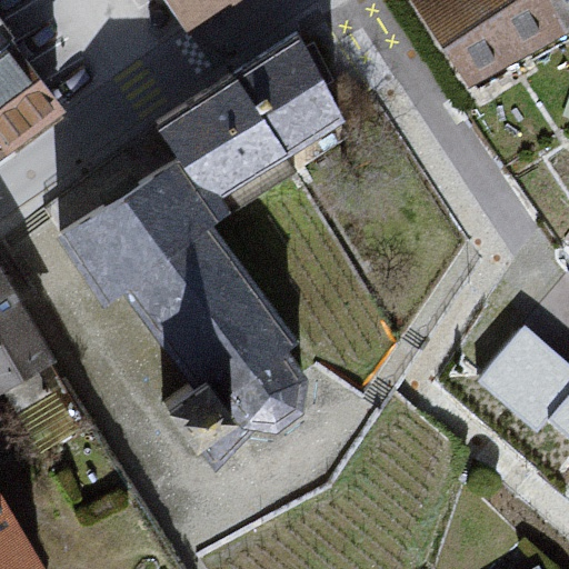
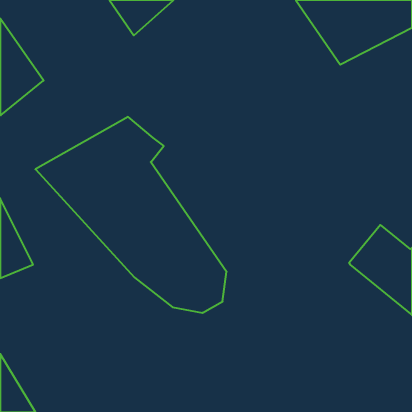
building: [151,37,338,190] -> none

